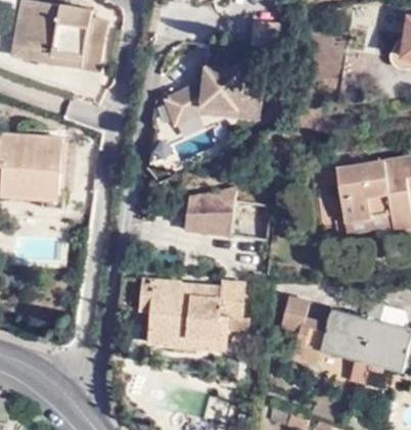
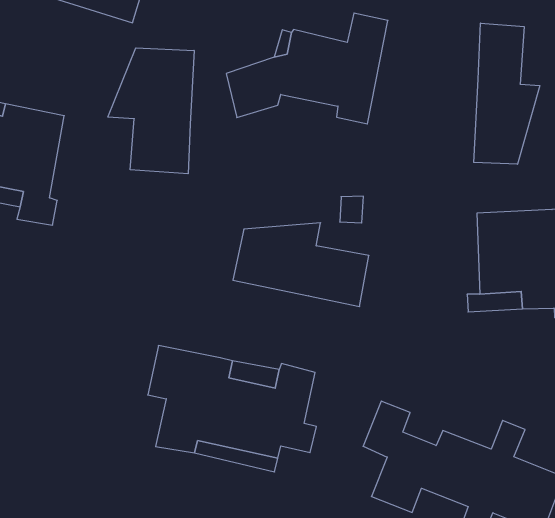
building: none -> [474,23,540,164]
building: none -> [108,48,194,174]

